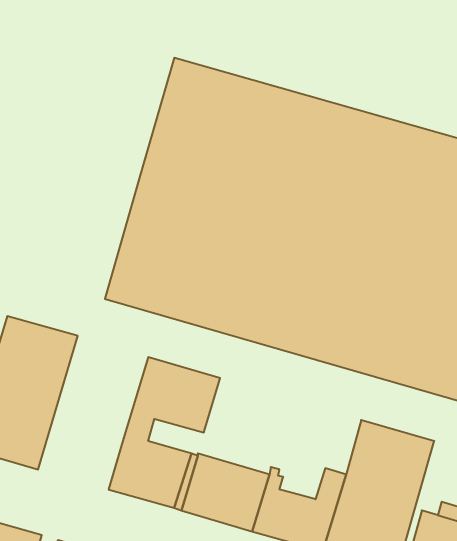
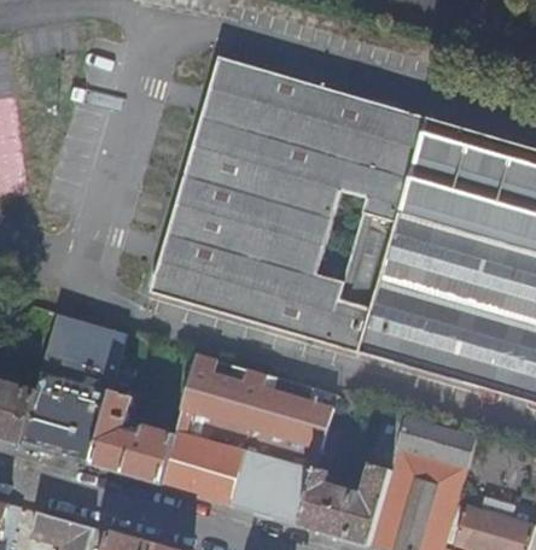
building: none -> [251,374,337,447]
building: none -> [89,390,173,482]

